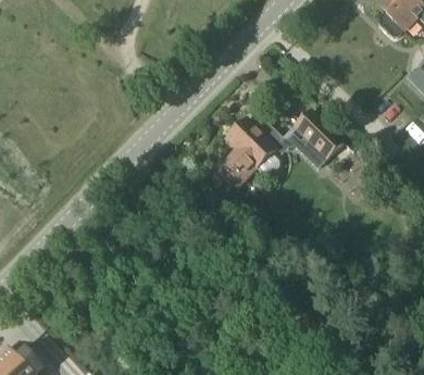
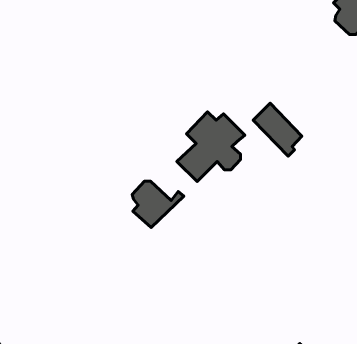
building: none -> [132,181,184,228]

